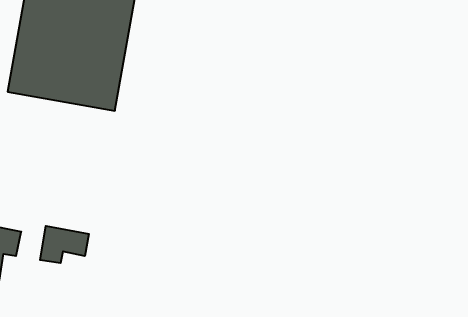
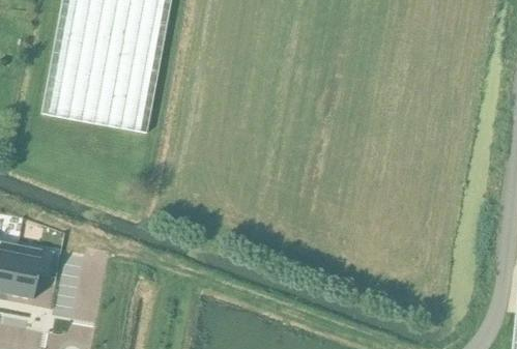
building: [40,226,89,263] -> none

